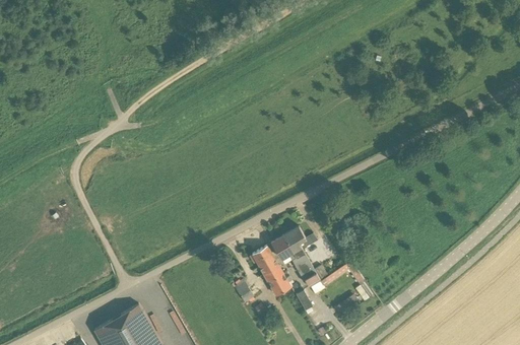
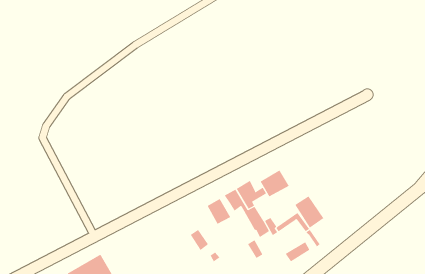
building: none -> [260,170,290,197]
building: none -> [295,196,324,229]
building: [262,265,289,294] -> none

